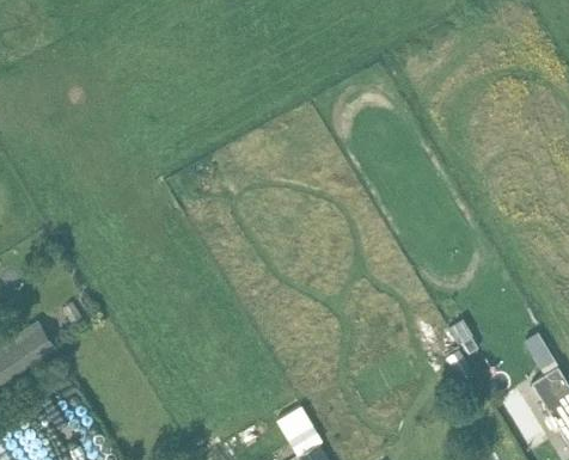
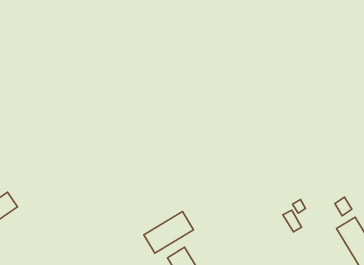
building: none -> [144,211,194,253]

